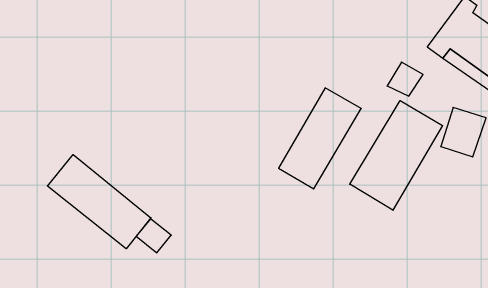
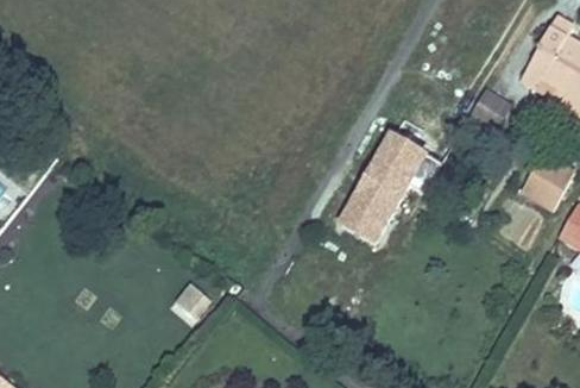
building: [350,101,443,210] -> none
building: [47,155,151,249] -> none

